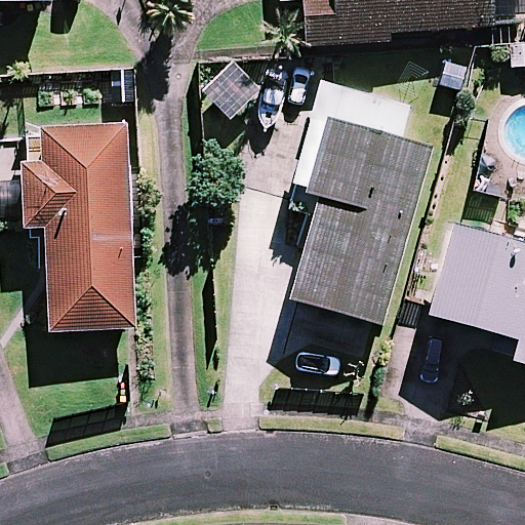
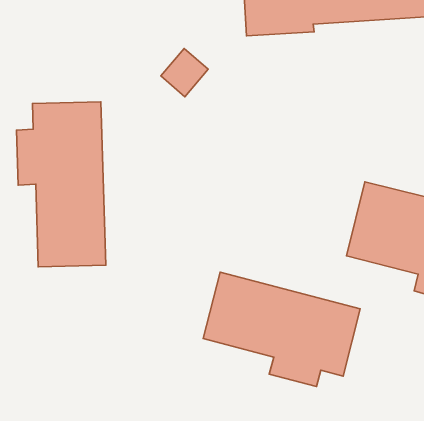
building: [290,86,429,323] -> none
building: none -> [203,272,360,387]

